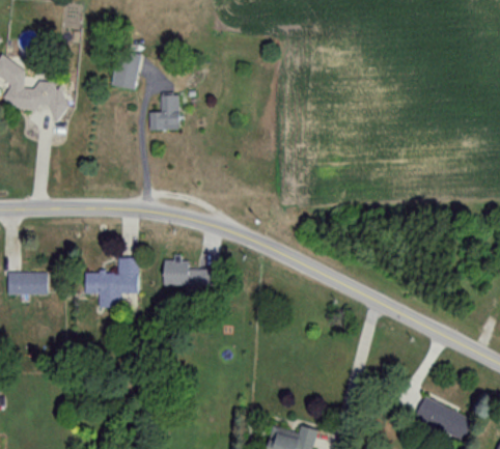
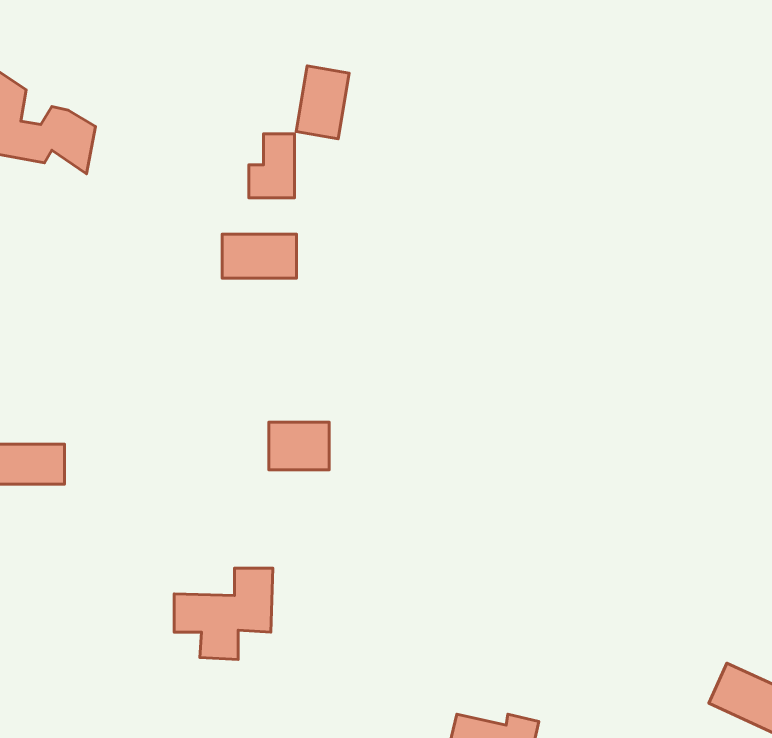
building: [112,48,142,89] -> [296,66,349,139]
building: none -> [222,234,296,278]
building: [85,257,141,309] -> [174,568,273,659]

